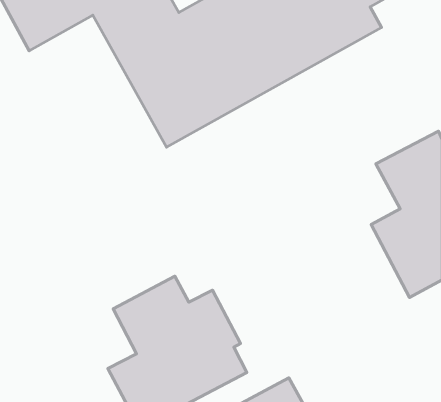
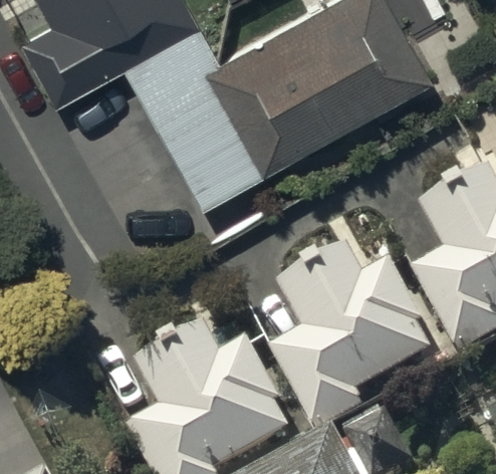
building: none -> [278,254,428,433]

